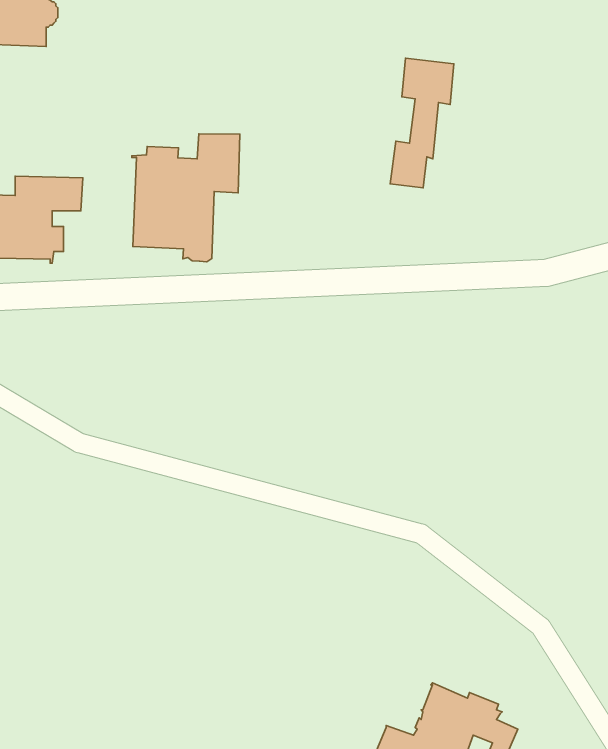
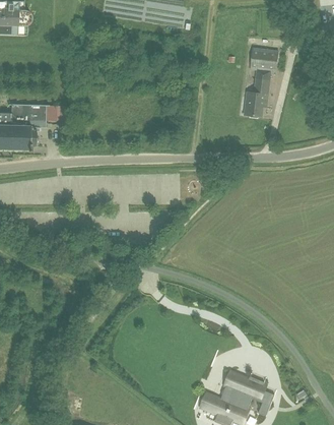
building: [390,58,454,188] -> [245,49,278,117]
building: [132,134,240,262] -> none

